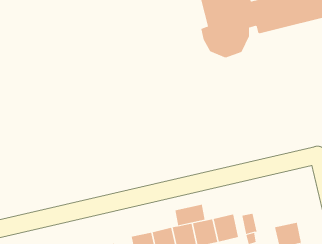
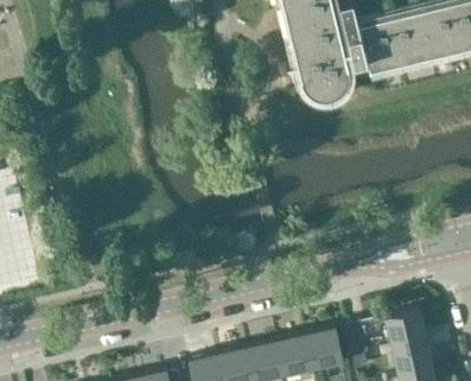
building: none -> [386,310,425,347]
building: [175,204,205,226] -> none

